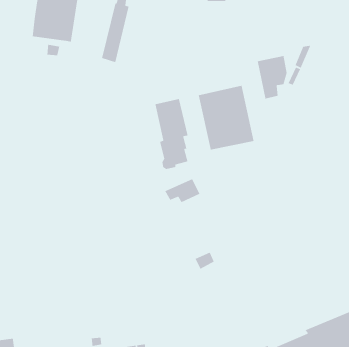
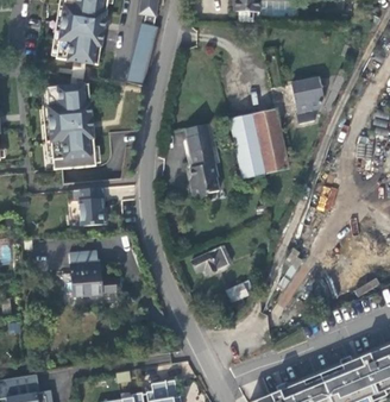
building: none -> [46,83,96,169]
building: none -> [71,187,107,225]
building: [164,178,201,203] -> [191,247,229,274]
building: none -> [69,250,120,296]

